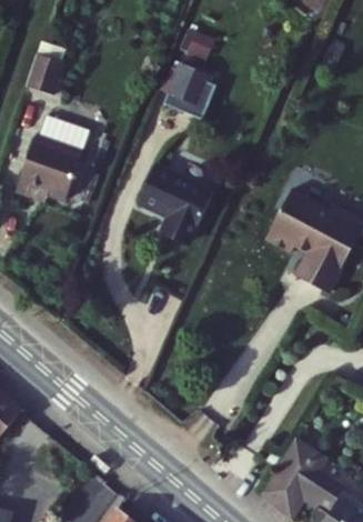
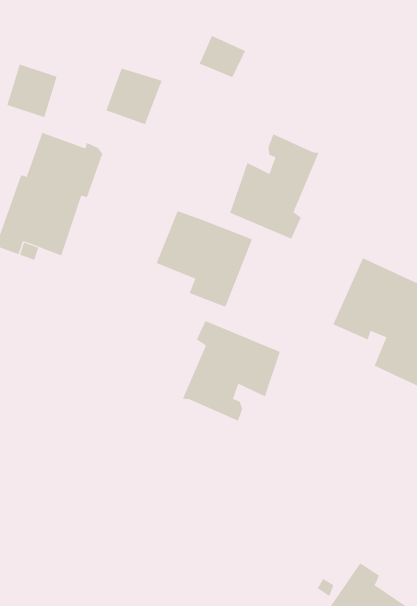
building: [167,63,211,108] -> [106,68,163,125]
building: none -> [229,133,319,239]
building: none -> [182,320,281,421]

